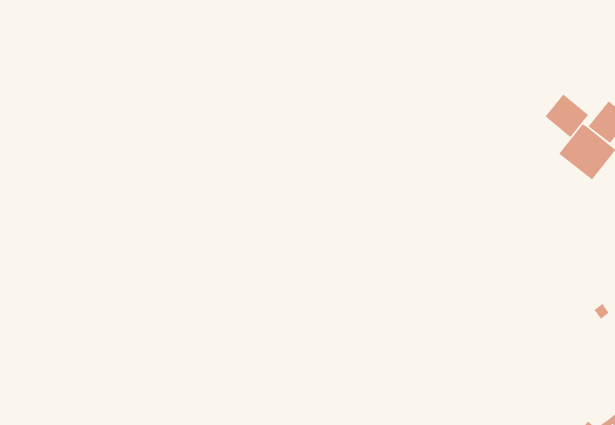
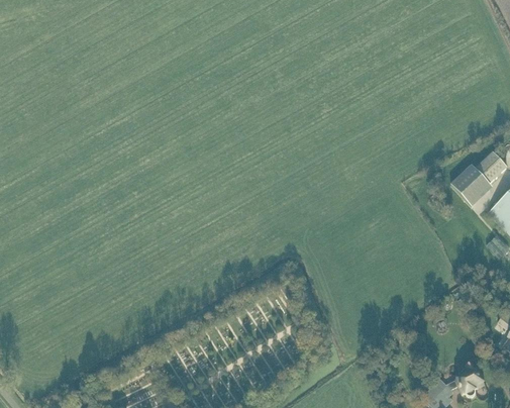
building: [545,93,589,138] -> none

